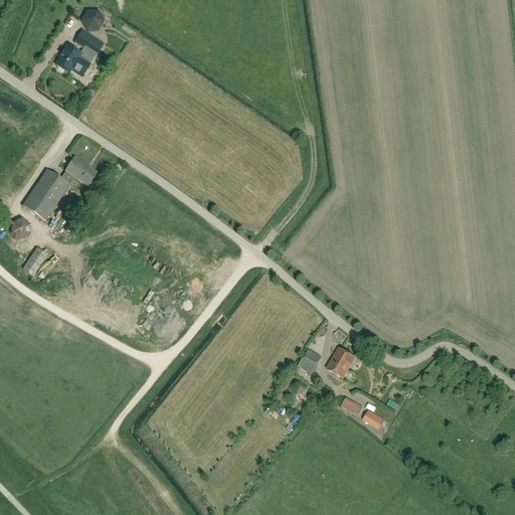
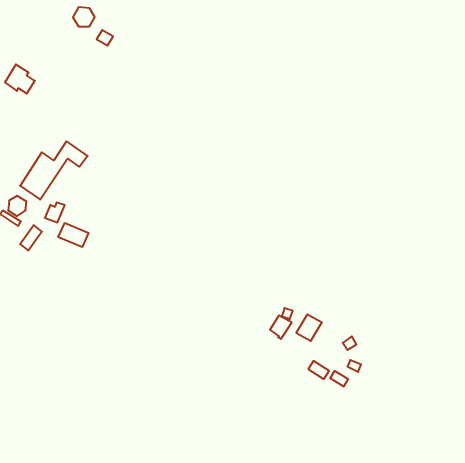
building: [74,28,105,56] -> none
building: [57,44,91,76] -> [5,64,35,94]
building: none -> [58,223,89,247]

